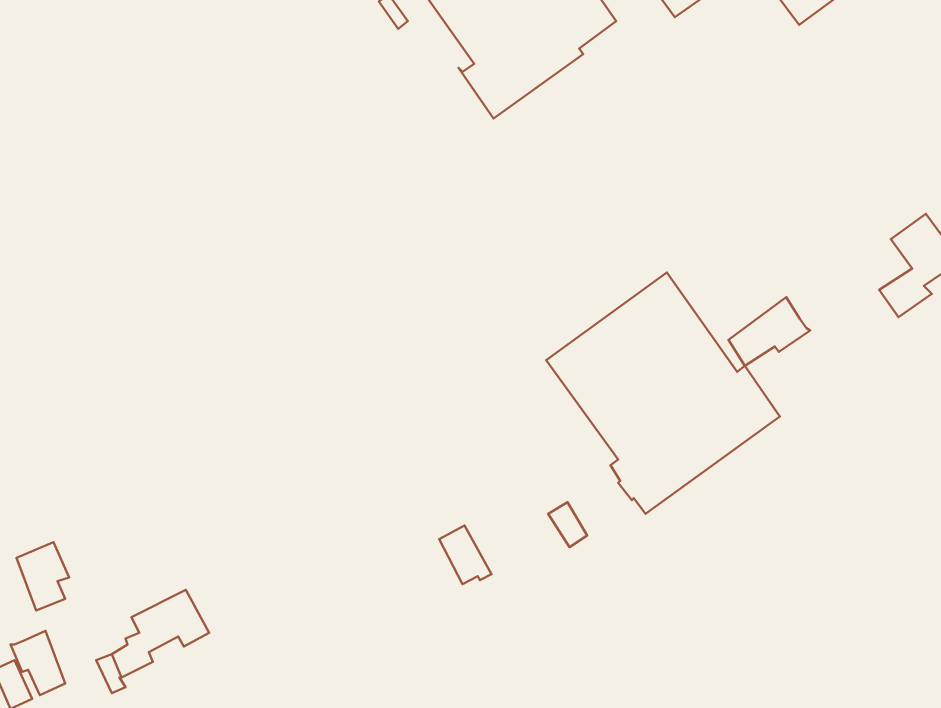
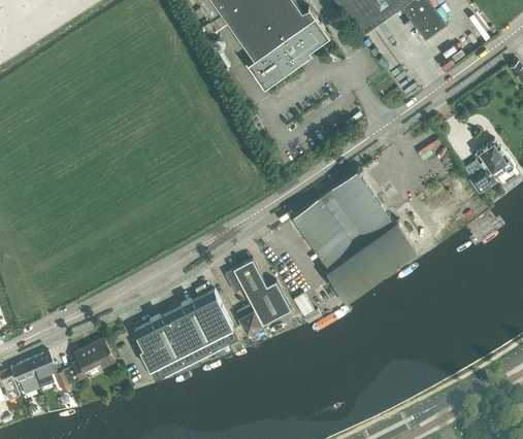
building: [729,297,810,366] -> none
building: none -> [223,260,290,326]
building: none -> [133,291,237,381]
building: [17,542,69,610] -> [27,352,55,389]

